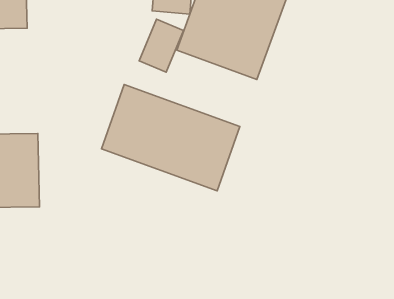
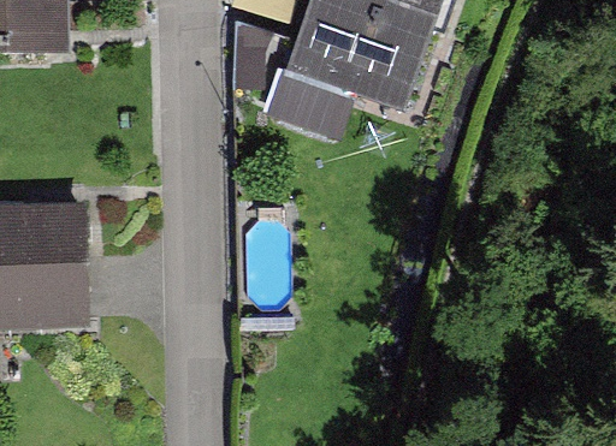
building: [101,85,240,191] -> none

